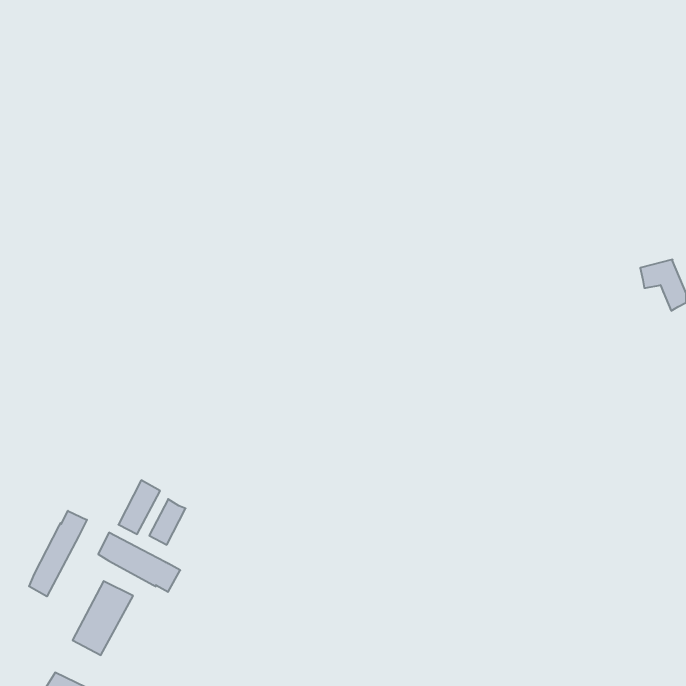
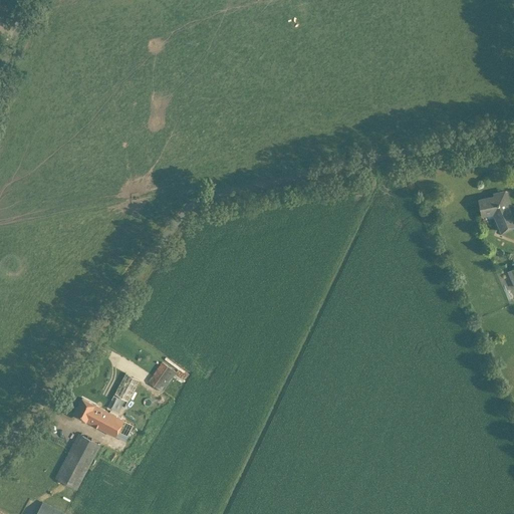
building: none -> [148,363,175,393]
building: [29,511,87,596] -> none

